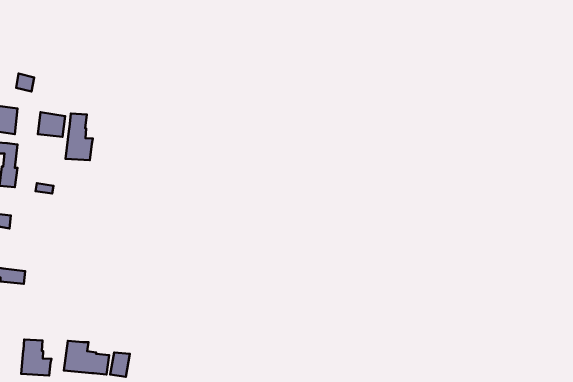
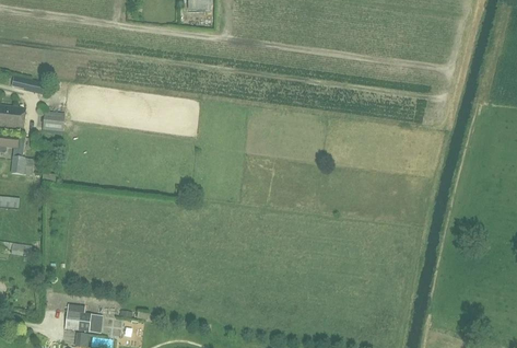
building: [66,113,93,160] -> none
building: [21,339,51,375] -> none

